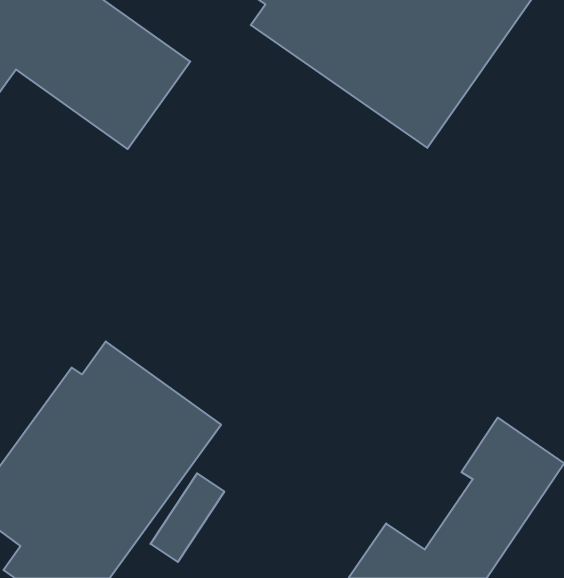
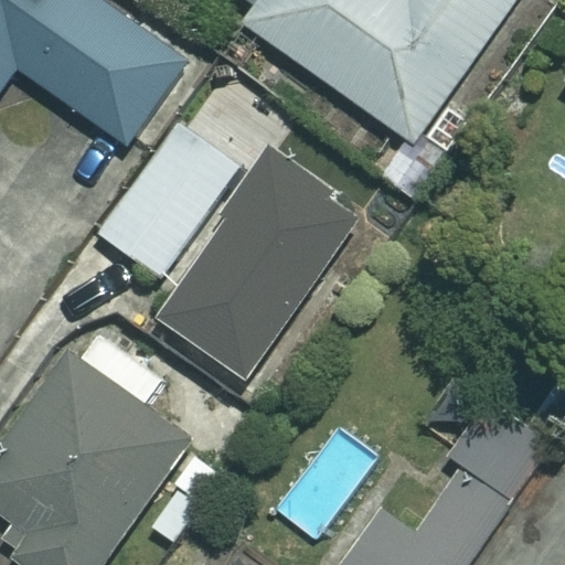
building: none -> [97,122,238,279]
building: none -> [161,151,356,379]

